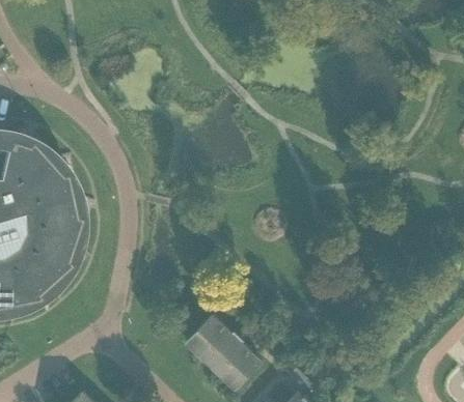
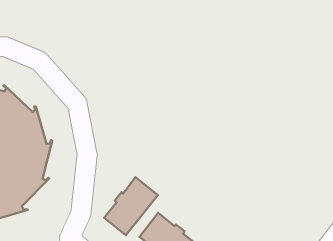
building: none -> [104,177,158,235]

